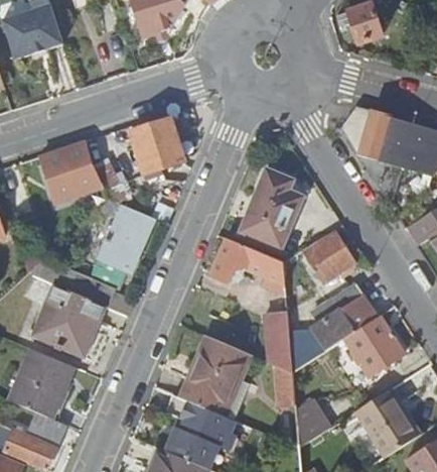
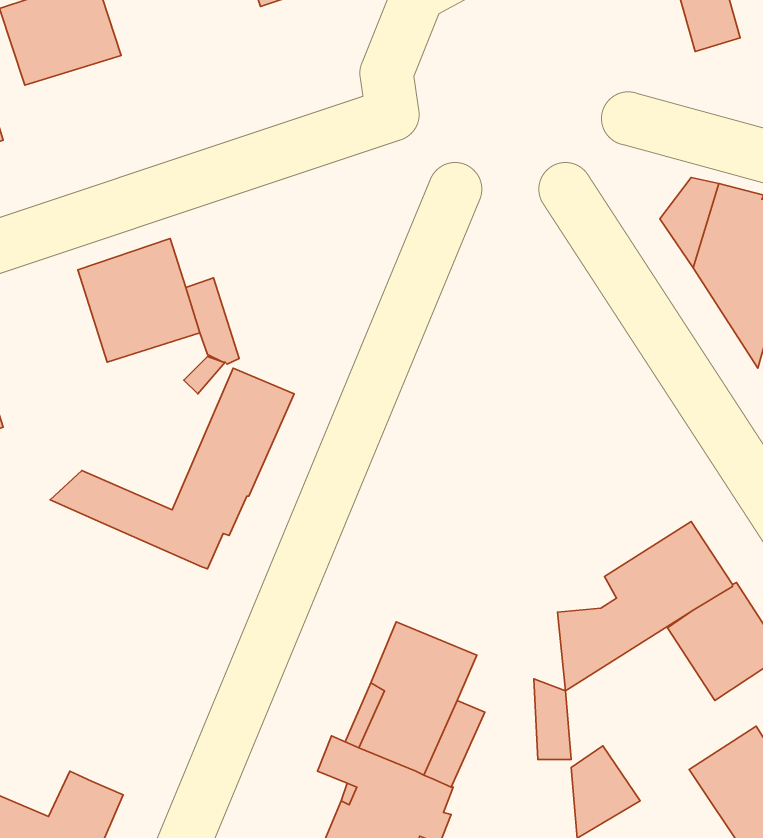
building: [133,119,186,174] -> none
building: [239,169,303,249] -> none
building: [304,232,353,280] -> none
building: [211,239,285,292] -> none
building: [34,285,106,358] -> none
building: [266,315,292,371] -> none
building: [11,350,75,418] -> none

